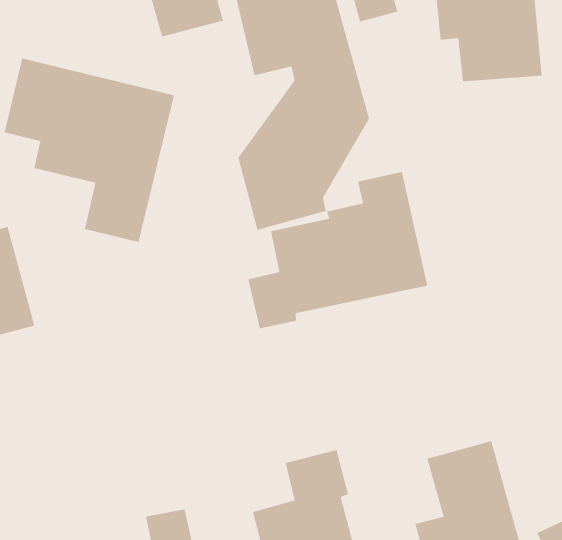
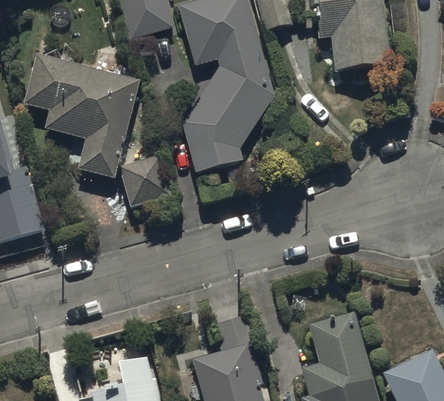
building: [248,171,428,329] -> none
building: none -> [120,155,171,206]

